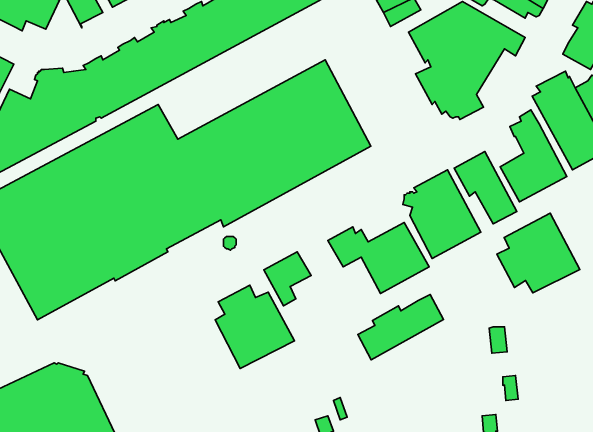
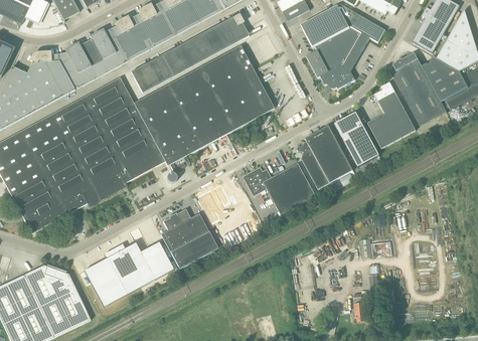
building: none -> [131,13,249,93]
building: [497,213,580,293] -> none
building: [358,294,444,360] -> none
building: none -> [84,241,173,307]

